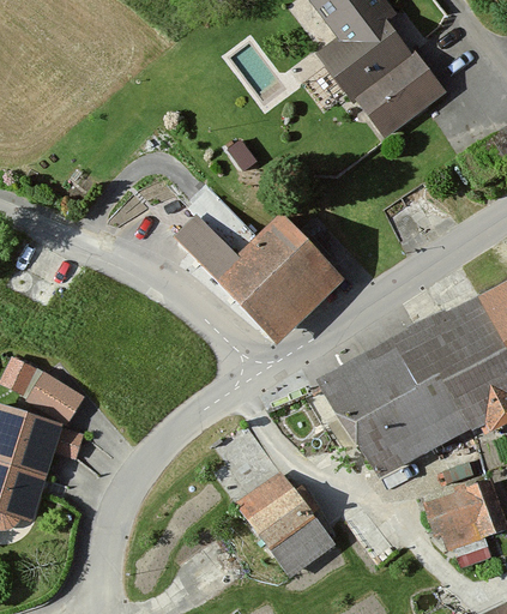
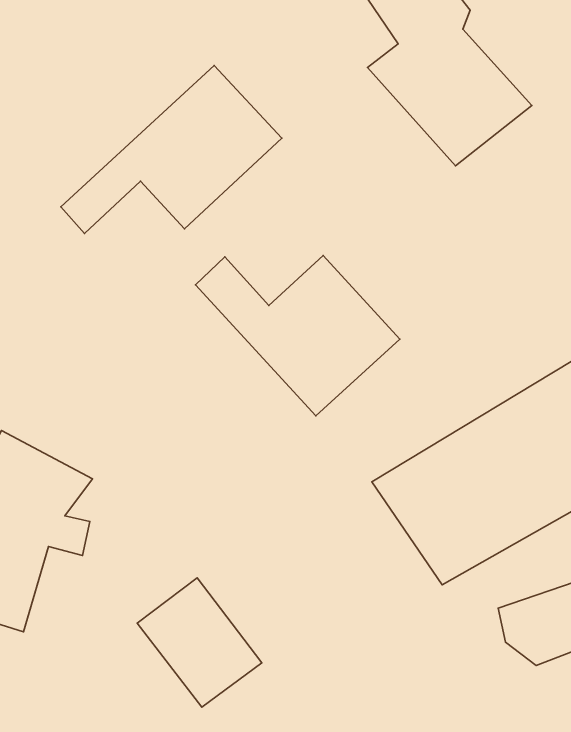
building: none -> [61,66,282,234]
building: [235,469,337,574] -> [137,578,262,707]

